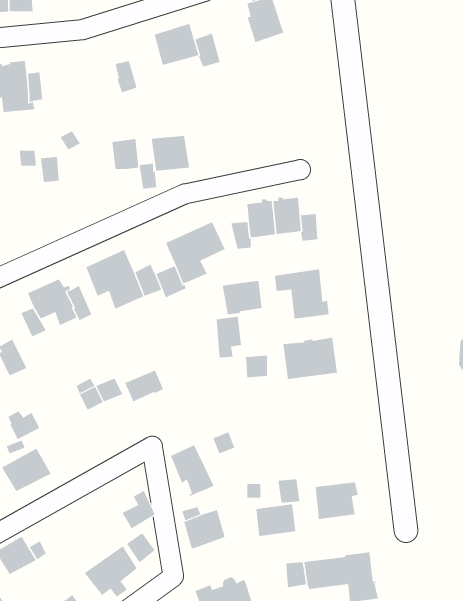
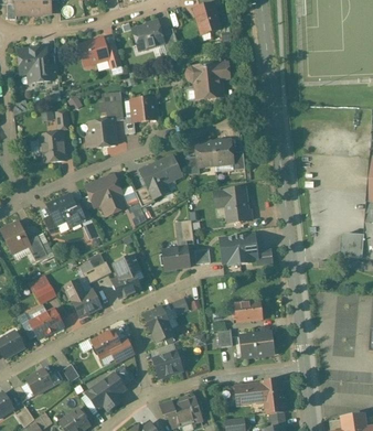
building: none -> [78,37,108,65]
building: none -> [186,62,227,97]
building: none -> [84,120,115,147]
building: none -> [40,132,65,162]
building: [222,281,262,315] -> [161,247,189,270]
building: none -> [111,271,140,298]
building: none -> [65,284,100,317]
building: none -> [90,330,121,358]
building: [255,504,296,536] -> [234,300,262,322]

